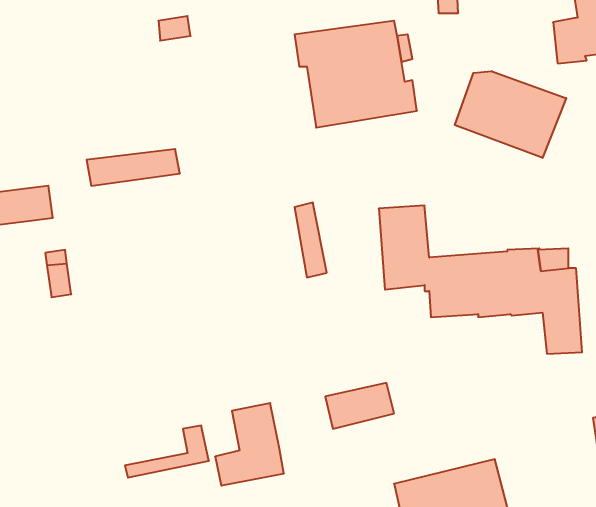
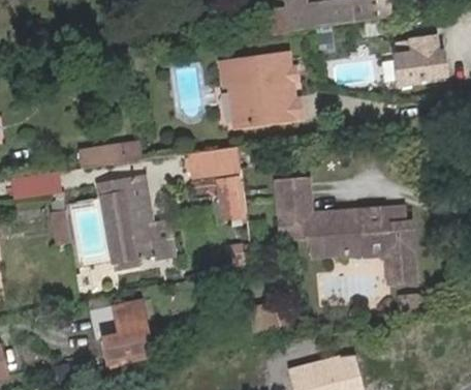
building: [455,71,566,158] -> none
building: none -> [186,147,237,175]
building: none -> [98,177,156,268]
building: [215,403,284,486] -> [101,300,148,356]

